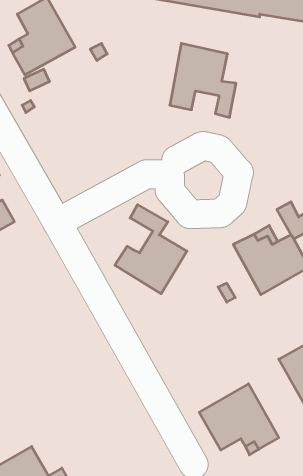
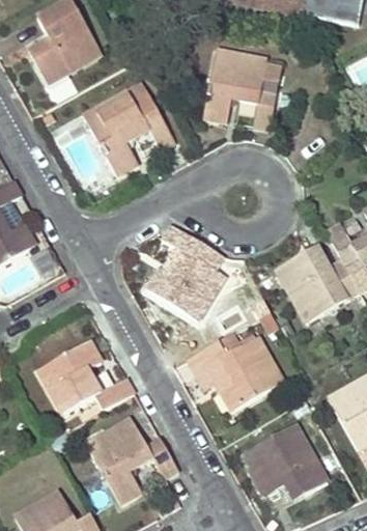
building: none -> [84,87,176,173]
building: none -> [186,337,283,412]
building: none -> [37,338,133,414]
building: none -> [86,418,177,502]

